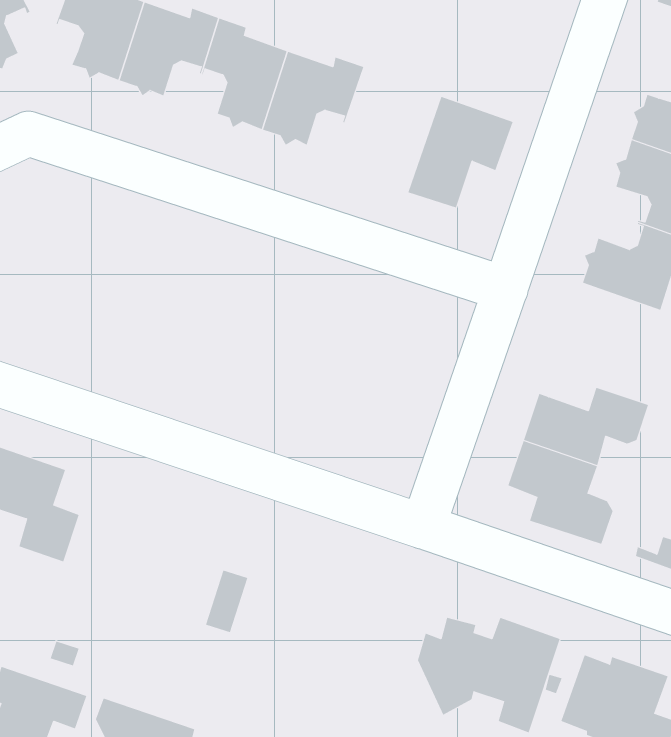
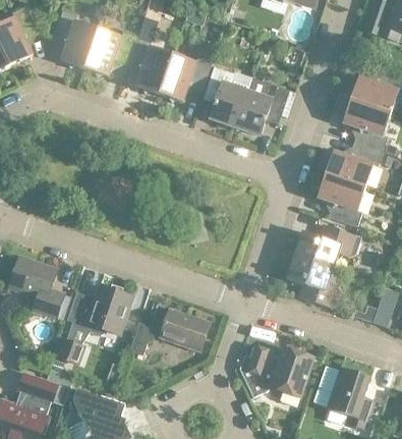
building: none -> [206,66,251,126]
building: none -> [317,173,365,226]
building: none -> [60,284,137,363]
building: none -> [159,308,210,350]

